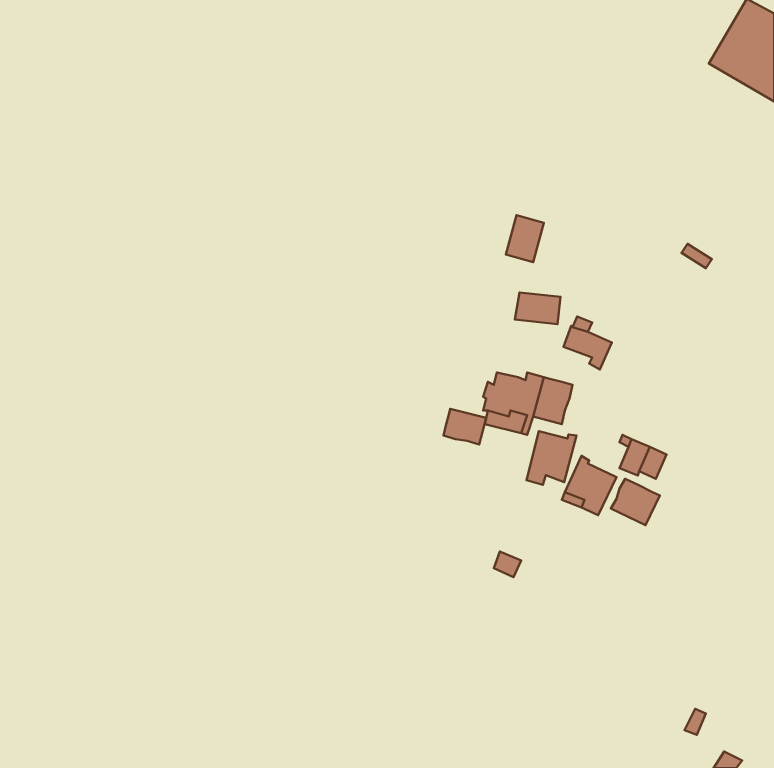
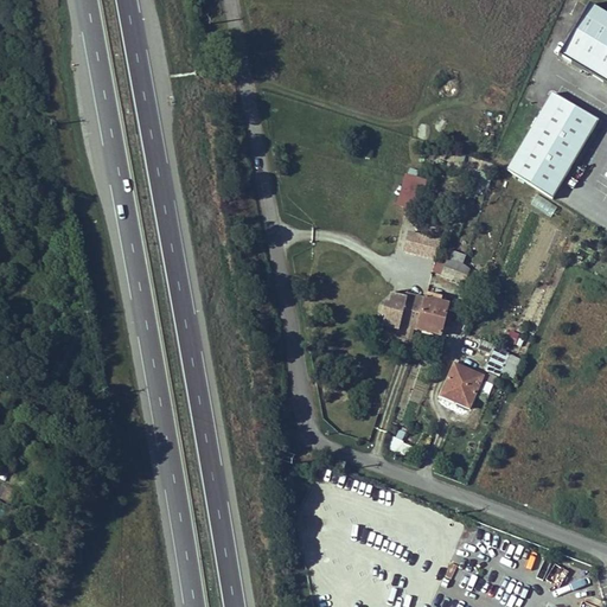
building: none -> [507,92,601,196]
building: [444,409,486,444] -> none
building: [526,431,577,485] -> none
building: [611,479,660,525] -> none

